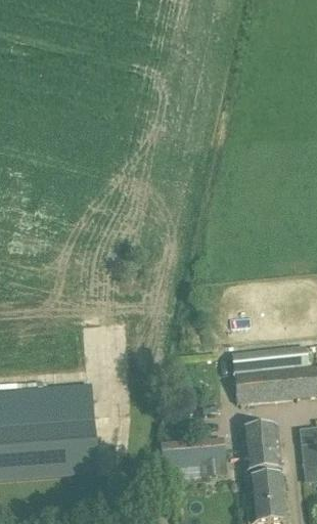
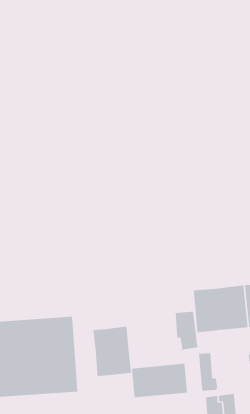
building: none -> [93,326,132,377]
building: [254,426,281,472] -> [175,311,198,350]

